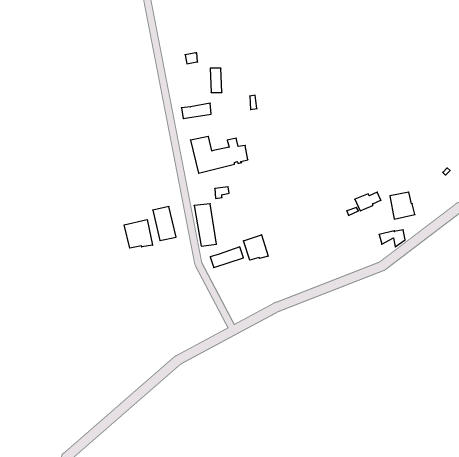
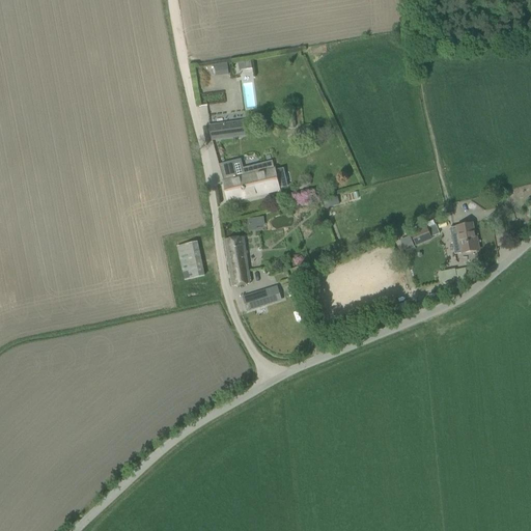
building: [124,220,153,248] -> none
building: [243,235,268,260] -> none

